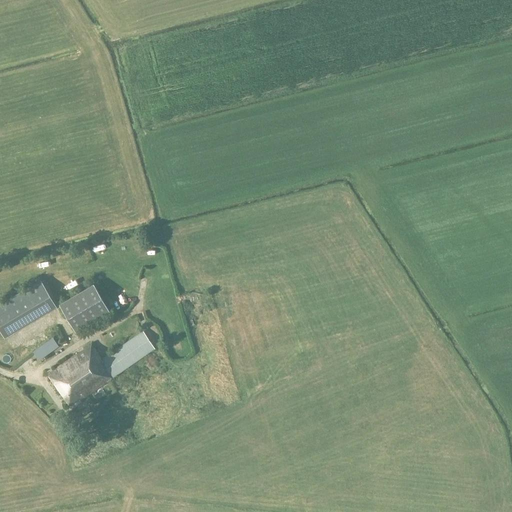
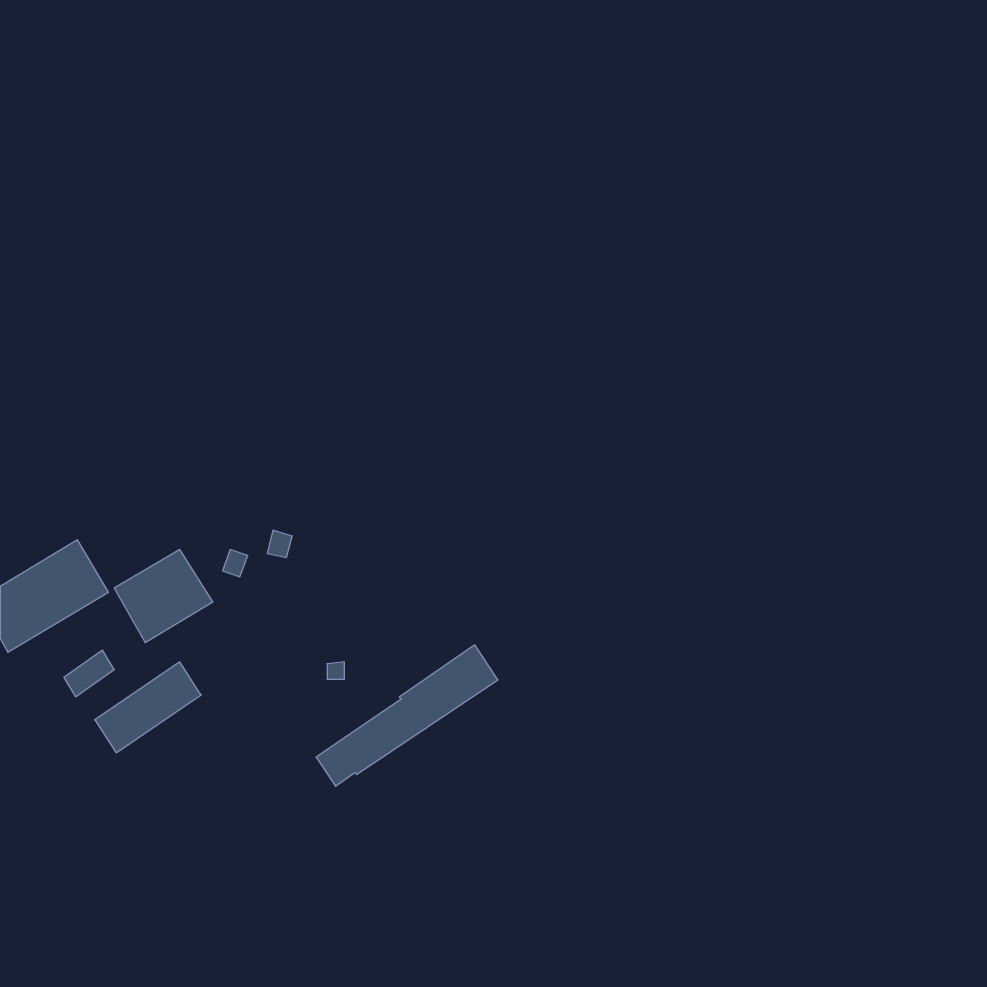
building: [61,331,155,404] -> [316,645,498,786]

